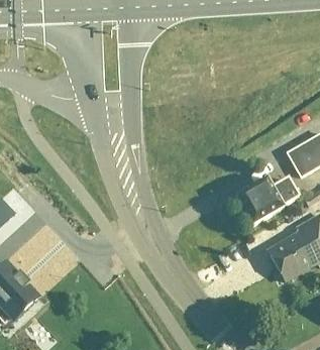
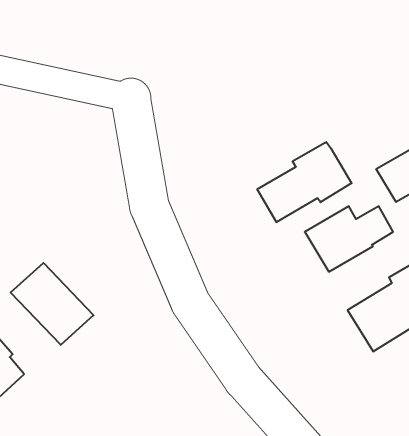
building: none -> [257,142,352,222]
building: none -> [11,263,94,345]

